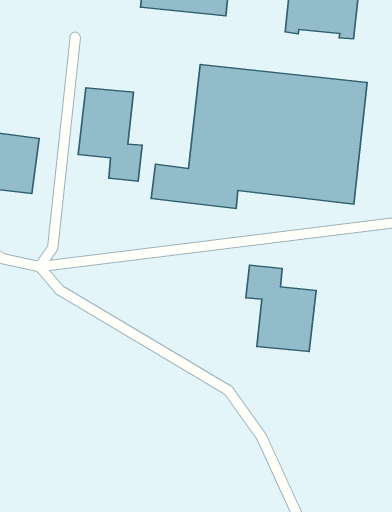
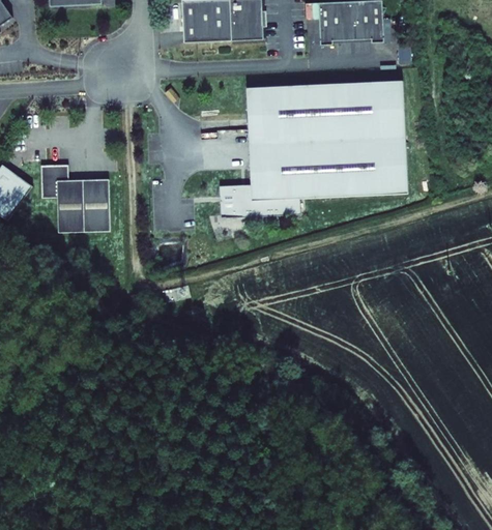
building: [78,88,142,181] -> none
building: [246,265,316,351] -> none

